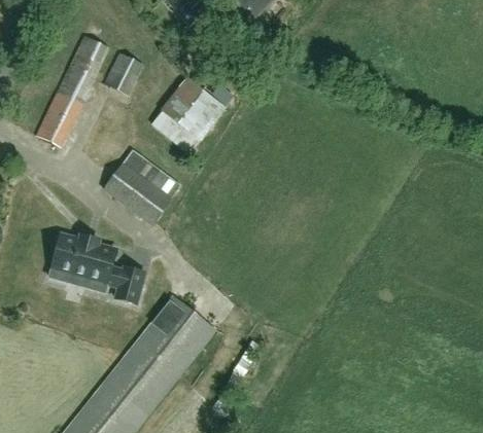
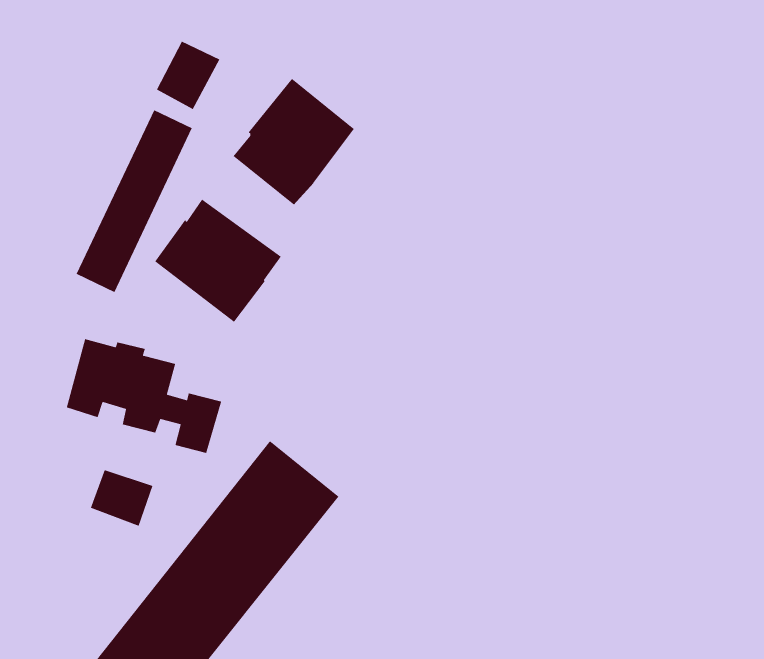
building: [36,35,107,146] -> [76,109,193,293]
building: none -> [90,469,153,527]

